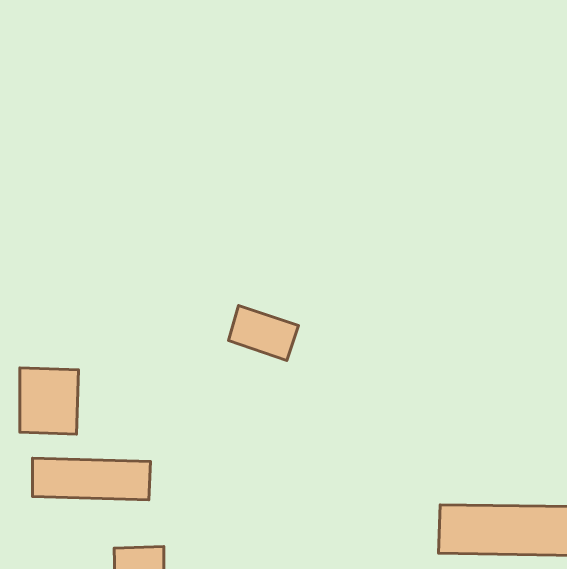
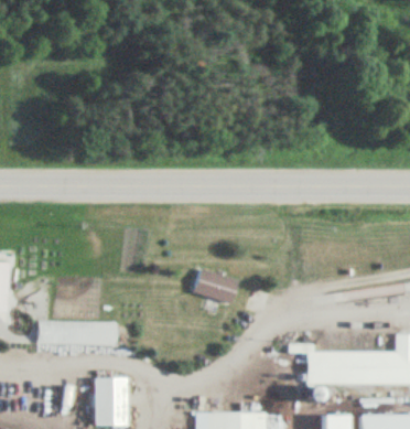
building: [229,306,298,360] -> [195,269,241,305]
building: [20,368,78,434] -> none

